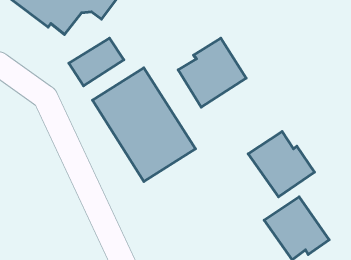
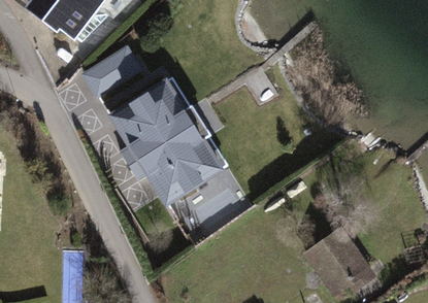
building: [178,38,246,107] -> none
building: [248,131,315,197] -> none

